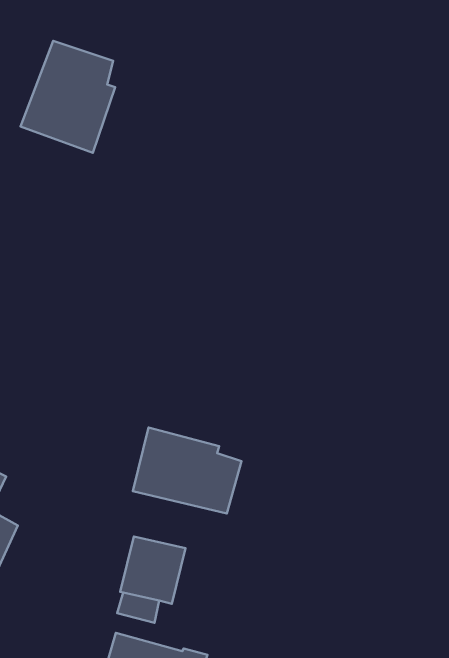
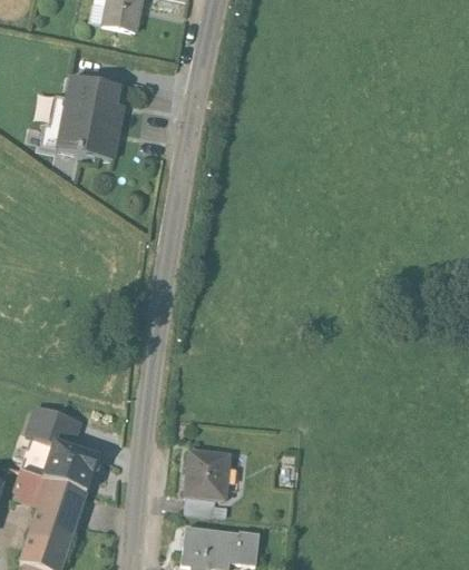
building: [133,427,241,513] -> none

